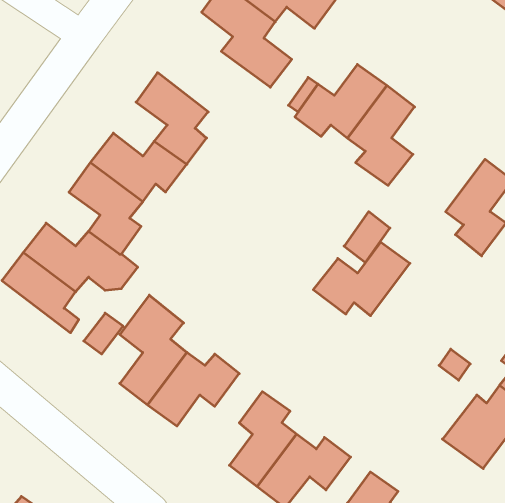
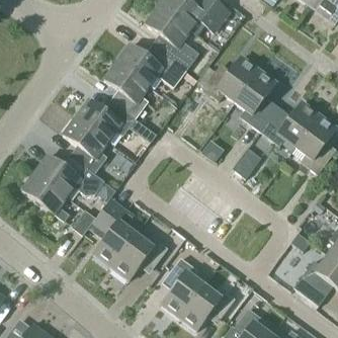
building: none -> [117,45,187,88]
building: [313,242,410,316] -> [260,101,320,147]

